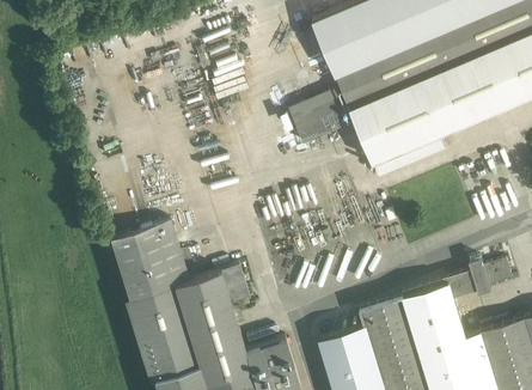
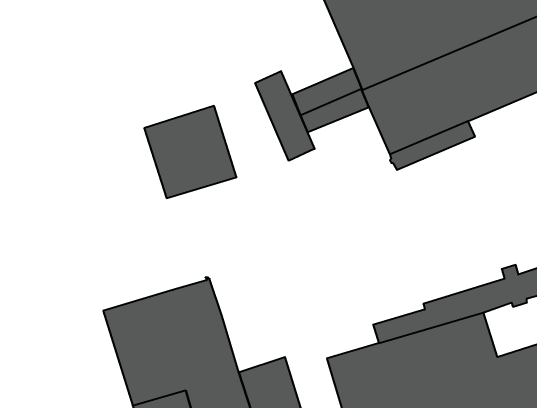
building: none -> [255,71,315,161]
building: [109,220,188,299] -> [144,106,237,198]
building: [219,266,247,304] -> none

